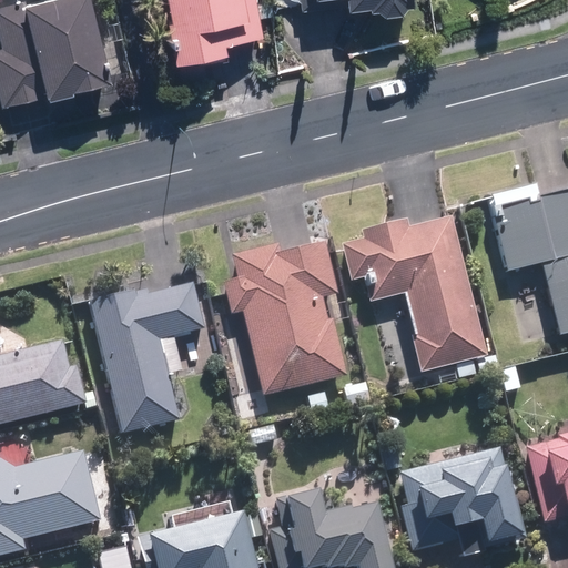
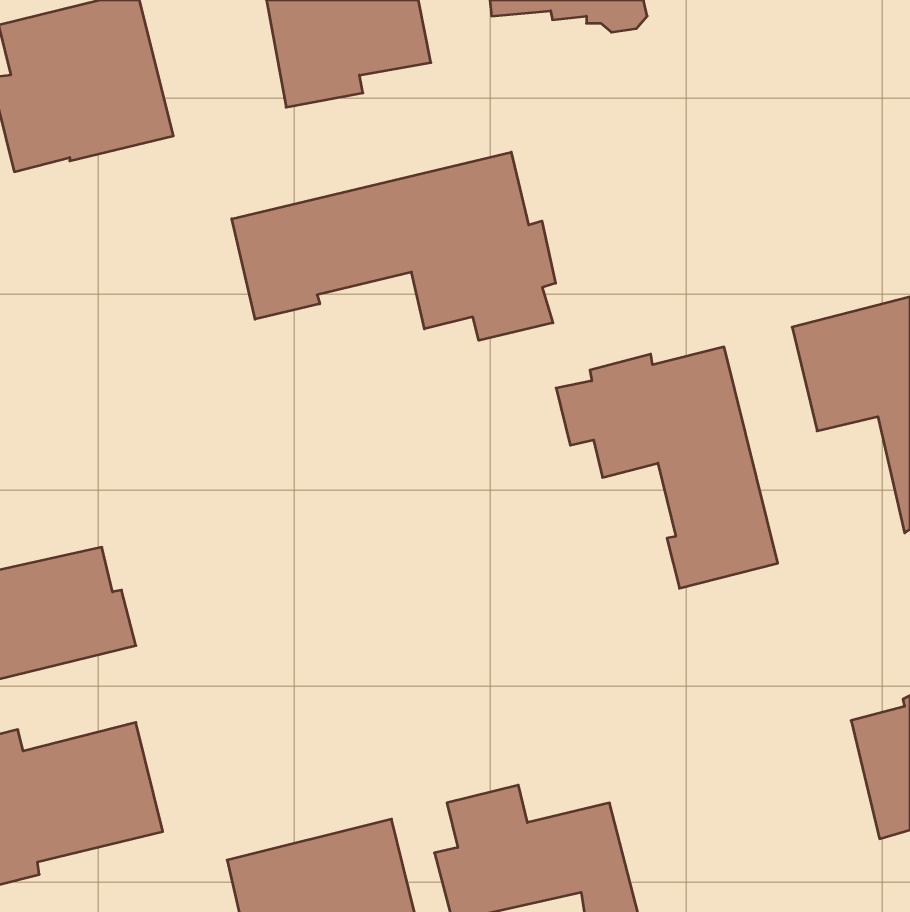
building: none -> [232,152,556,340]
building: [227,243,344,389] -> none
building: [91,282,203,430] -> none
building: [402,447,524,554] -> none

